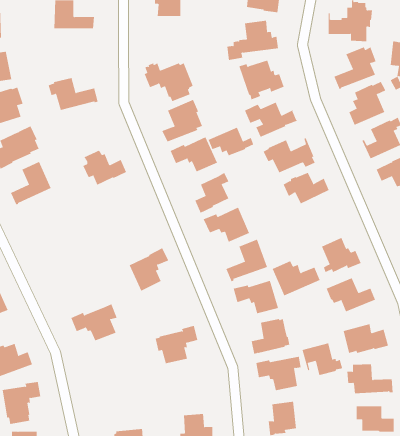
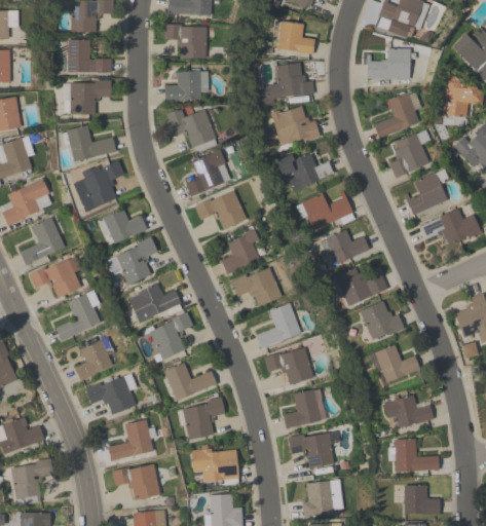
building: none -> [164,68,209,101]
building: none -> [70,79,111,114]
building: none -> [74,160,124,209]
building: [208,127,254,156] -> none
building: none -> [107,236,157,285]
building: none -> [29,256,81,298]
building: none -> [128,283,181,323]
building: none -> [54,290,101,341]
building: [272,260,321,296] -> [334,267,387,306]
building: none -> [74,338,112,381]
building: none -> [163,363,217,401]
building: [302,343,343,376] -> none
building: none -> [107,419,157,461]
building: none -> [190,448,238,486]
building: none -> [111,463,160,500]

